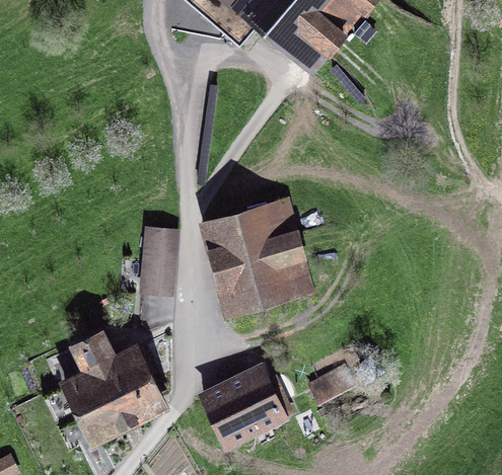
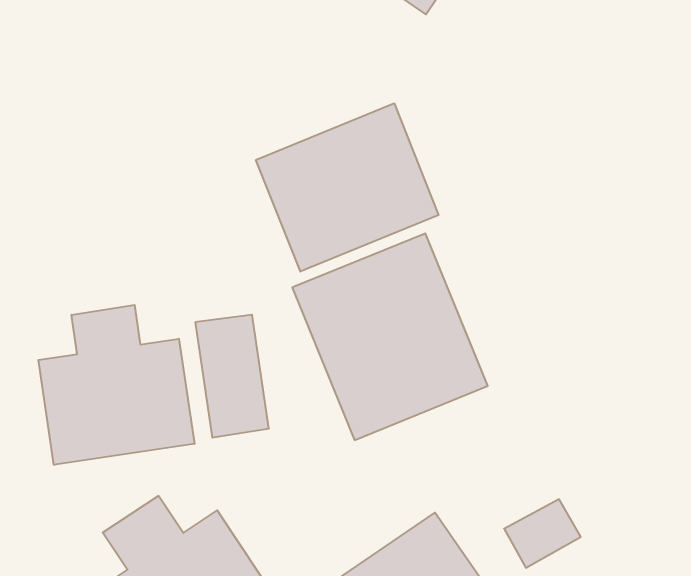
building: none -> [256,103,439,272]
building: none -> [38,305,194,465]

